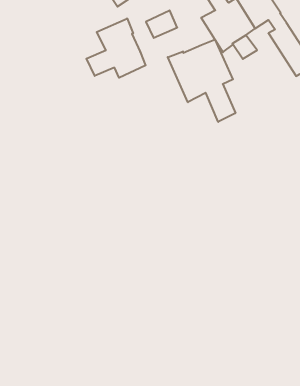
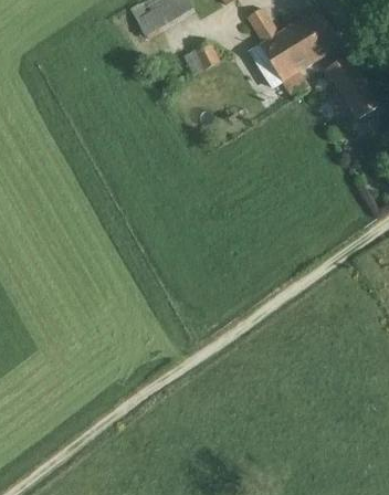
building: [86,18,146,78] -> none
building: [168,40,235,122] -> none

